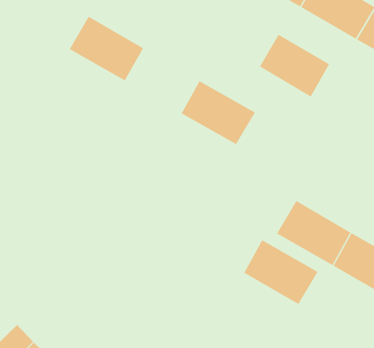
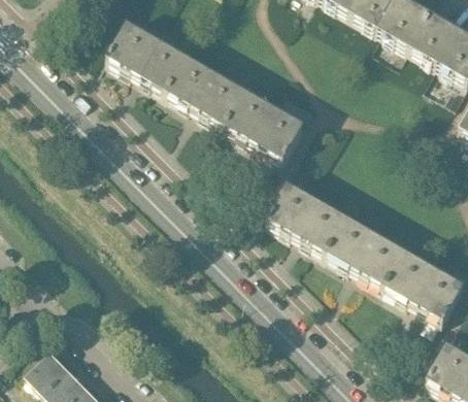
building: [259,34,330,98] -> none
building: none -> [166,56,244,125]
building: [243,240,318,305] -> [267,182,346,252]

